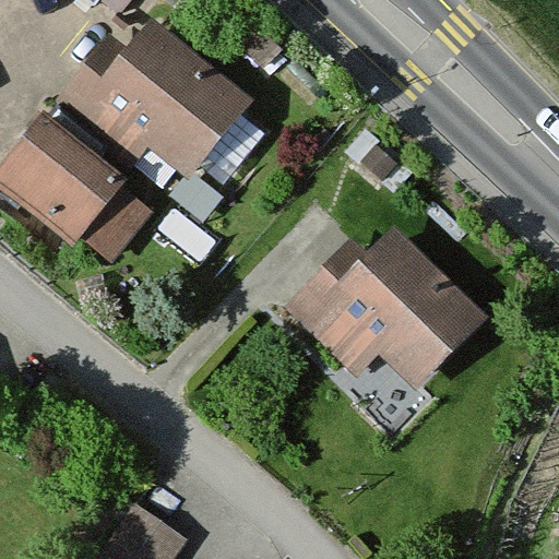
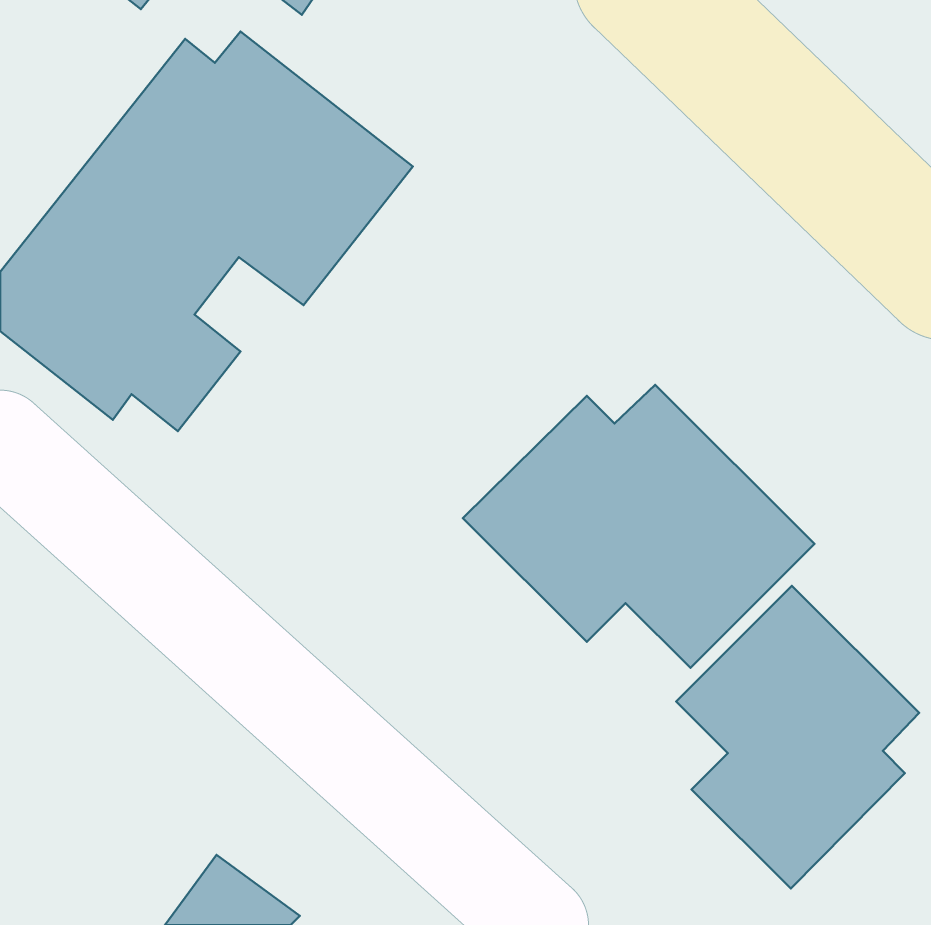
building: none -> [676,586,919,889]

